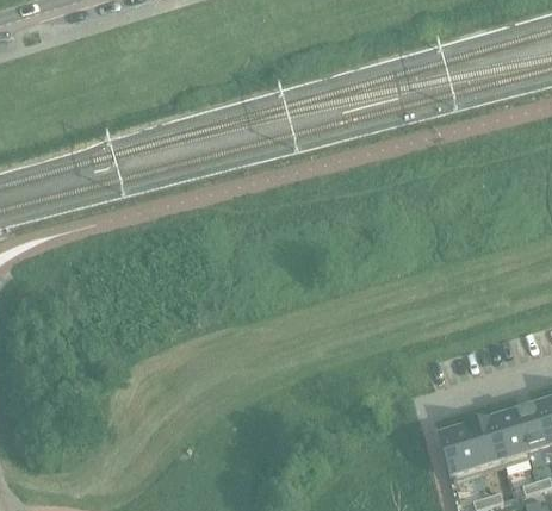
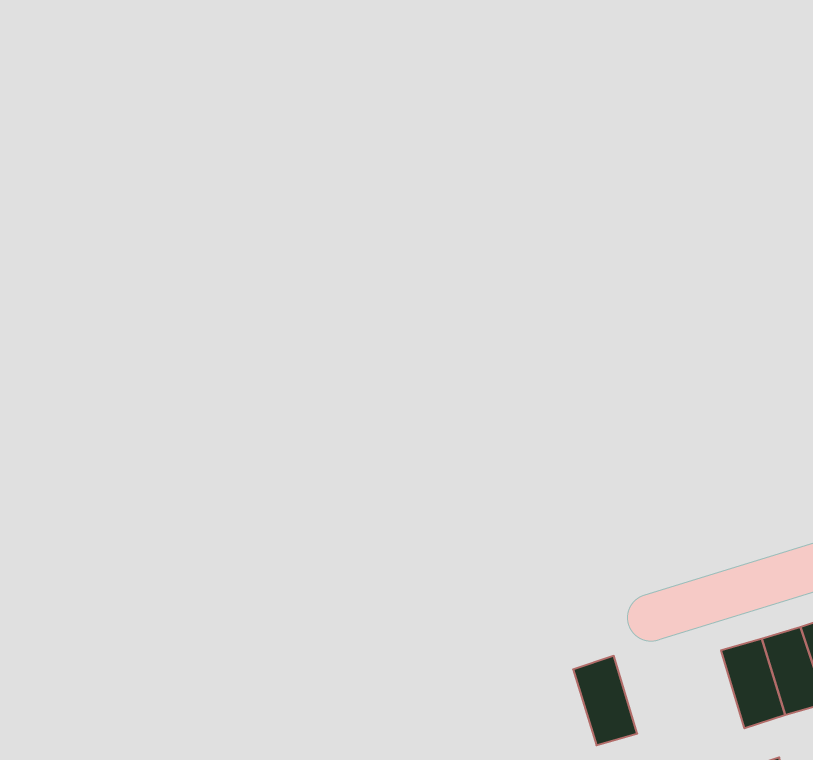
building: [441,419,480,474] -> [573,656,637,745]

